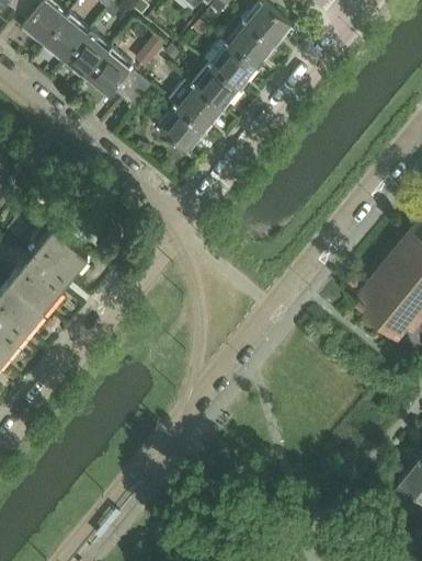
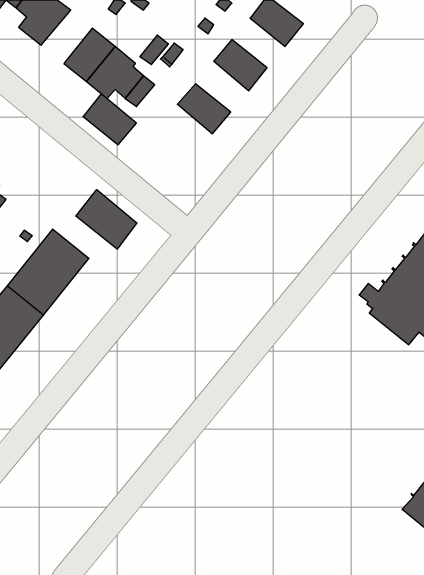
building: [42,14,91,66] -> none
building: [226,22,277,70] -> none
building: [191,64,242,113] -> none
building: [156,105,207,154] -> [83,94,136,145]
building: none -> [76,190,137,249]

